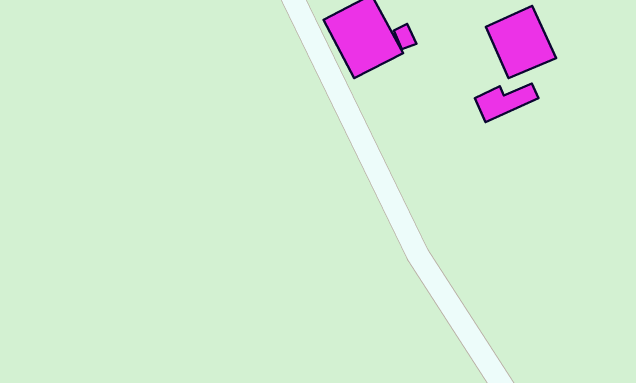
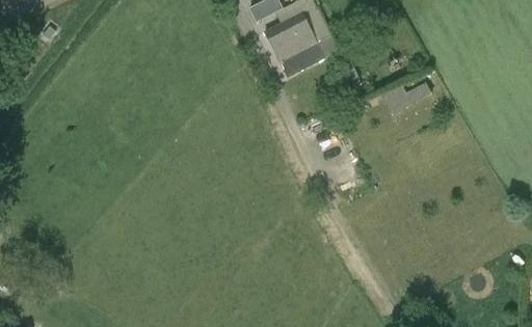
building: [486,6,556,78] -> none

